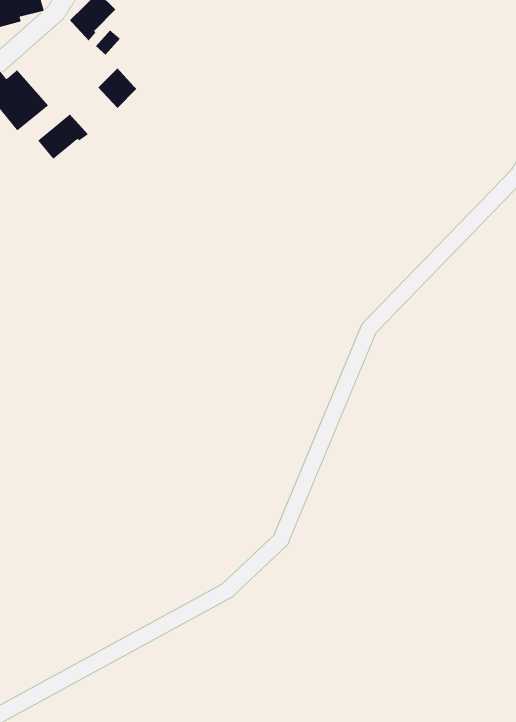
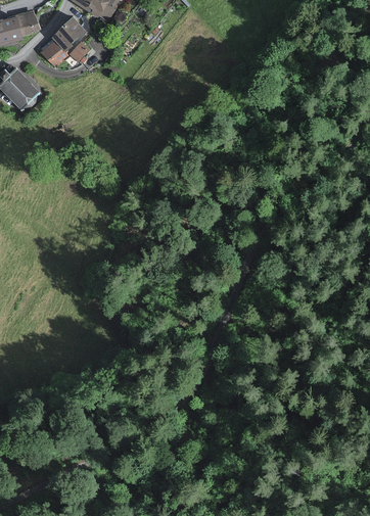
building: [98,68,137,109] -> [42,38,68,65]
building: [37,113,89,160] -> none

